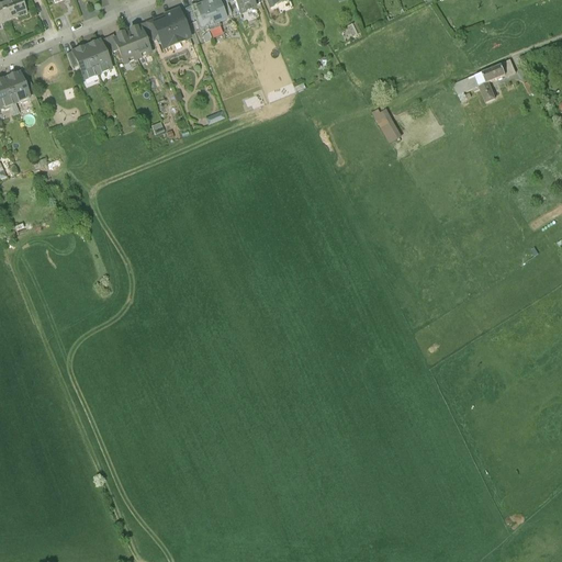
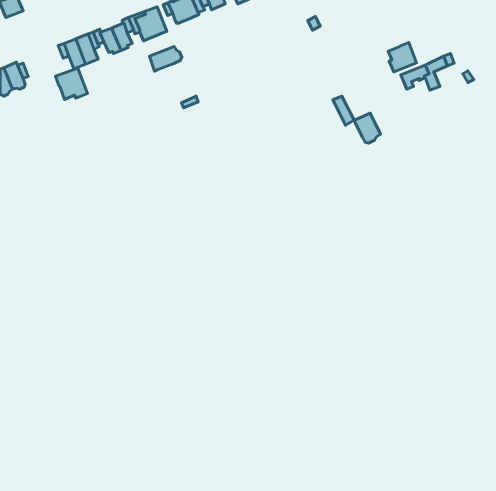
building: none -> [388,43,417,72]
building: none -> [149,46,182,71]
building: none -> [56,68,88,99]
building: none -> [354,113,381,143]

